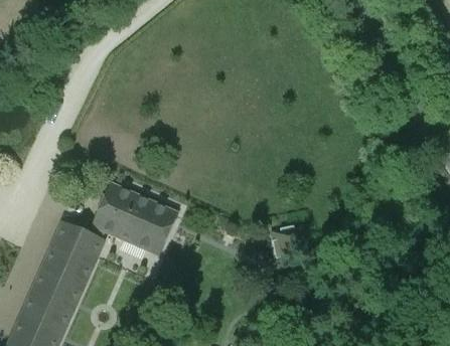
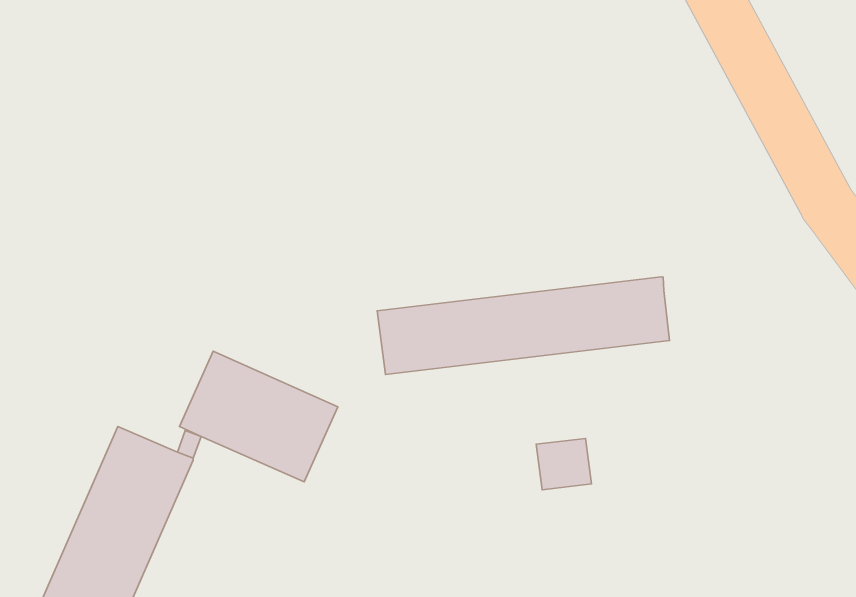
building: none -> [377,277,670,375]

